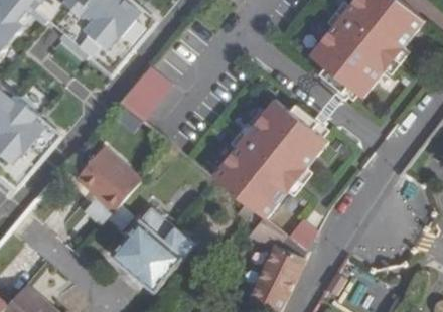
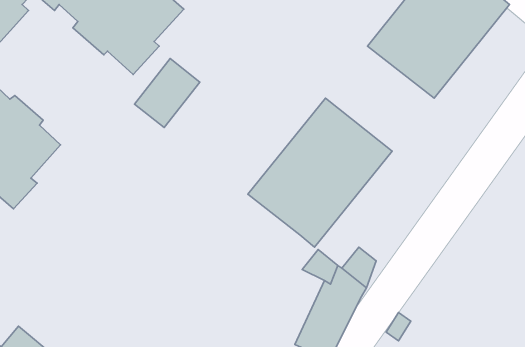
building: [75,146,140,210] -> none
building: [110,208,192,290] -> none

